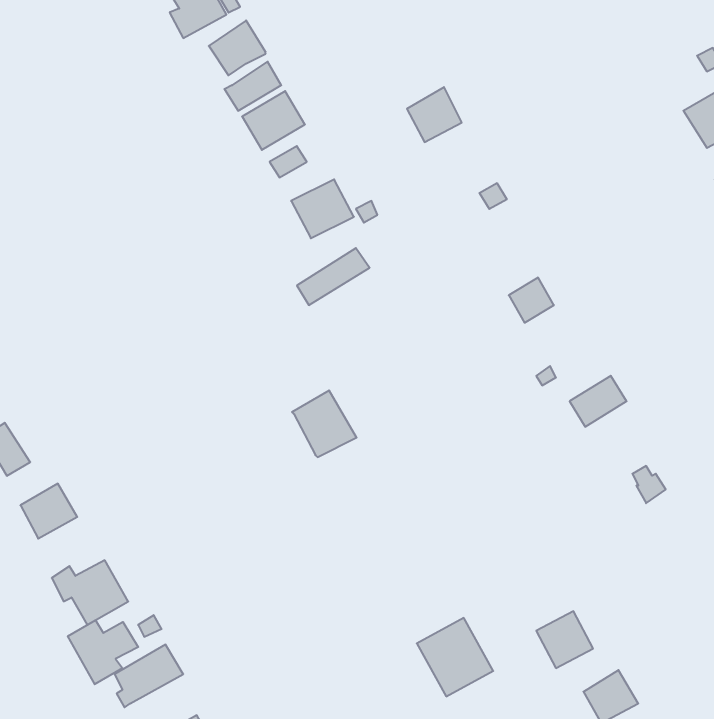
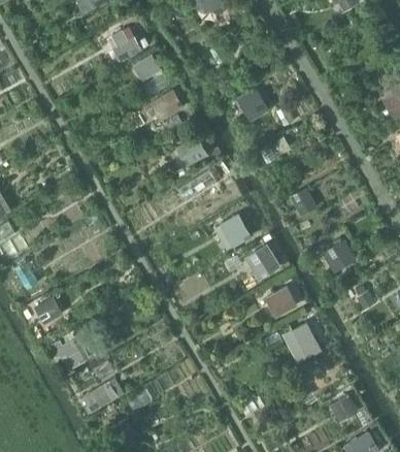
building: none -> [243,244,280,277]
building: [292,390,357,457] -> [219,213,253,248]
building: none -> [264,287,297,318]
building: [417,618,493,696] -> [281,322,322,363]
building: [68,620,138,684] -> none

